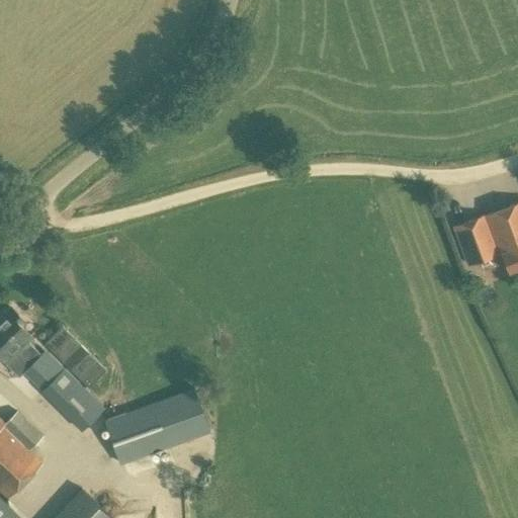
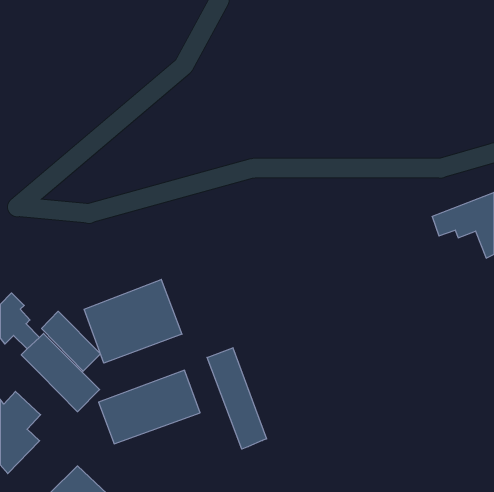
building: none -> [84,279,182,363]
building: none -> [207,348,267,449]

